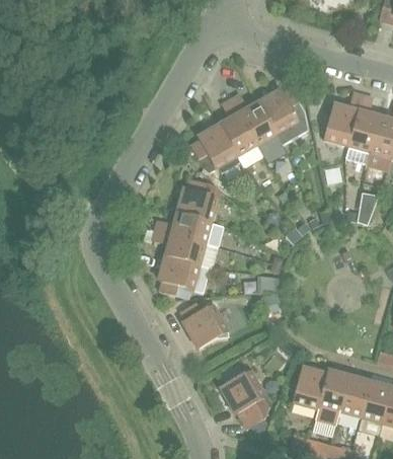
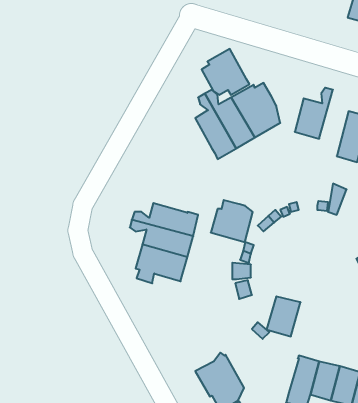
building: [344,93,379,162] -> none
building: [190,123,240,170] -> [202,49,249,95]
building: [176,177,220,221] -> [211,200,253,242]
building: [180,301,229,347] -> none
building: [292,366,327,407] -> [266,296,301,336]

